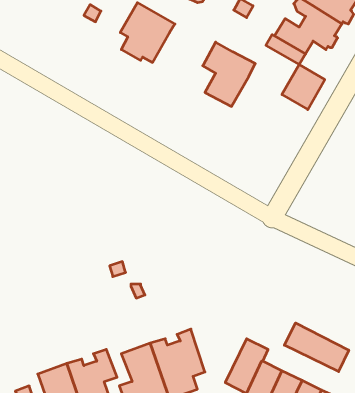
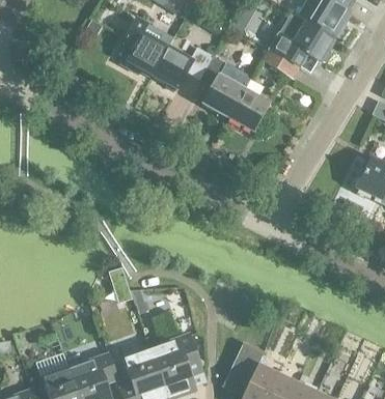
building: none -> [152,46,213,89]
building: [282,65,325,110] -> [228,88,270,132]
building: [284,323,349,372] -> none

